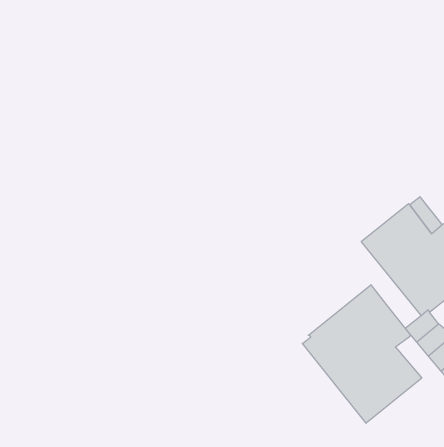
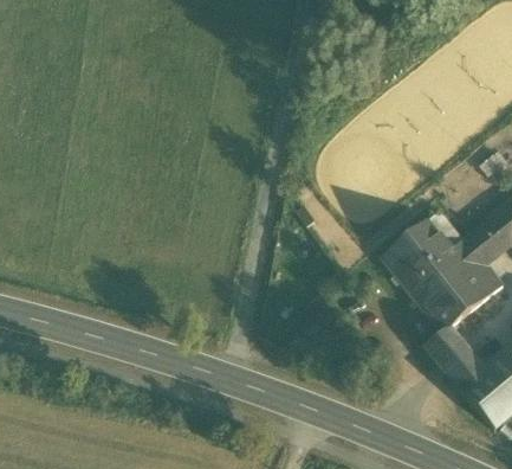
building: [302,285,422,423] -> none

